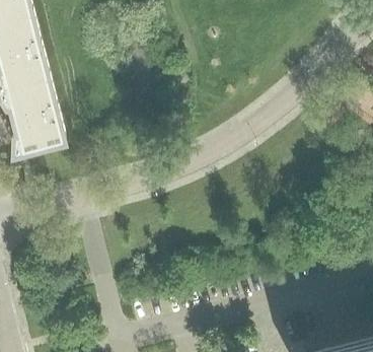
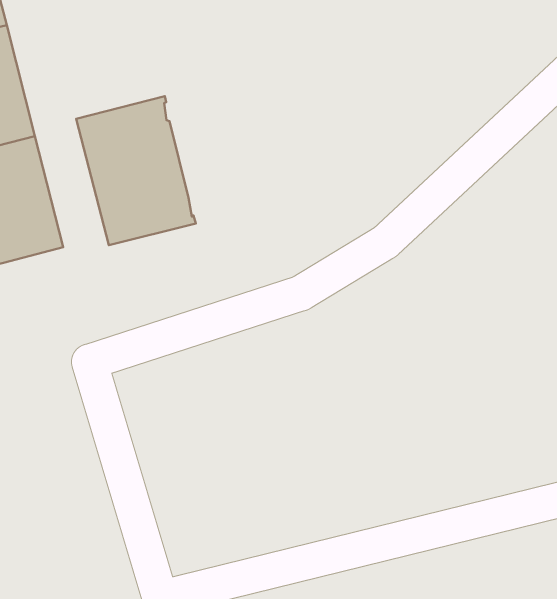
building: none -> [76,96,196,245]

